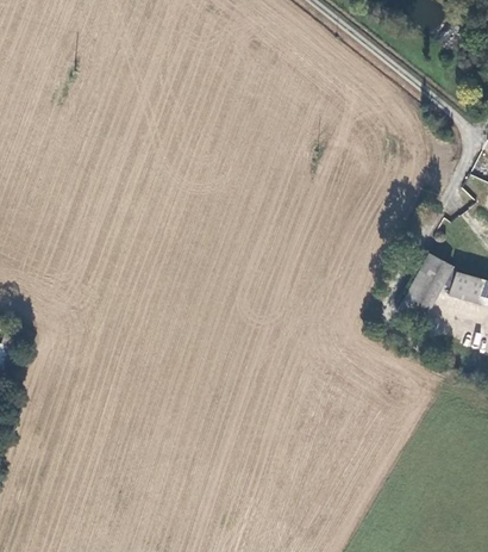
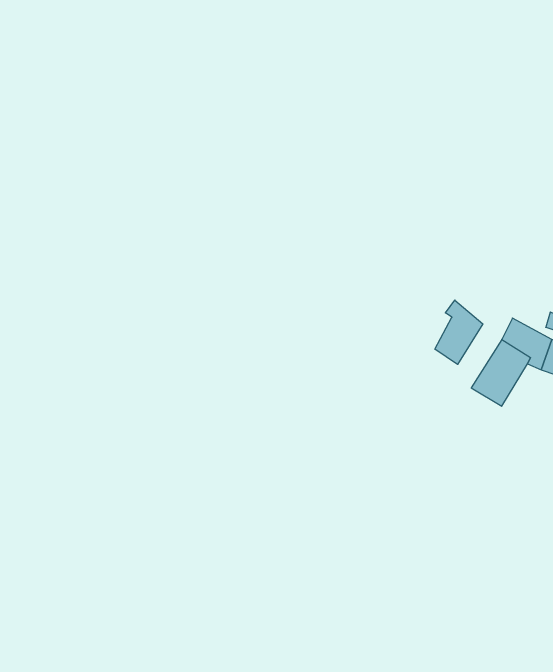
building: none -> [435,300,483,364]

